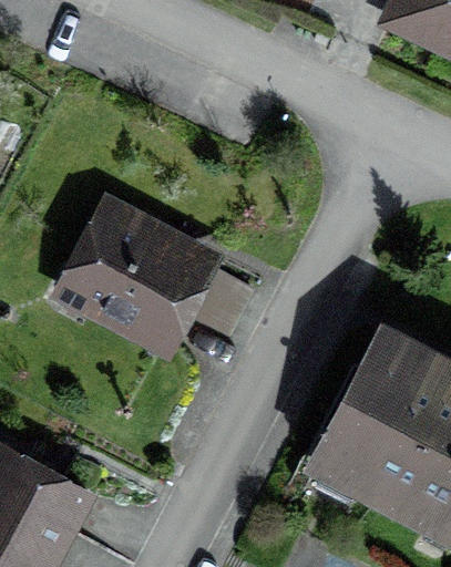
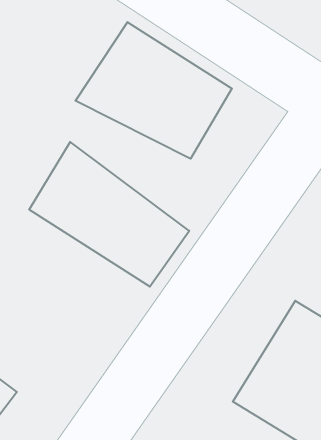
building: none -> [75,22,232,159]

